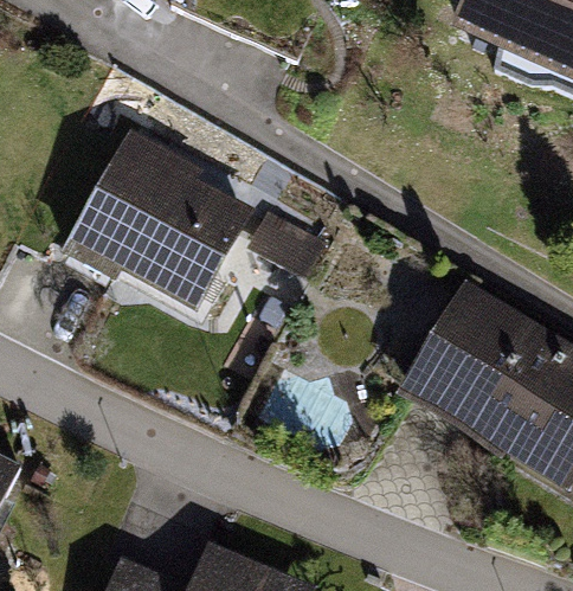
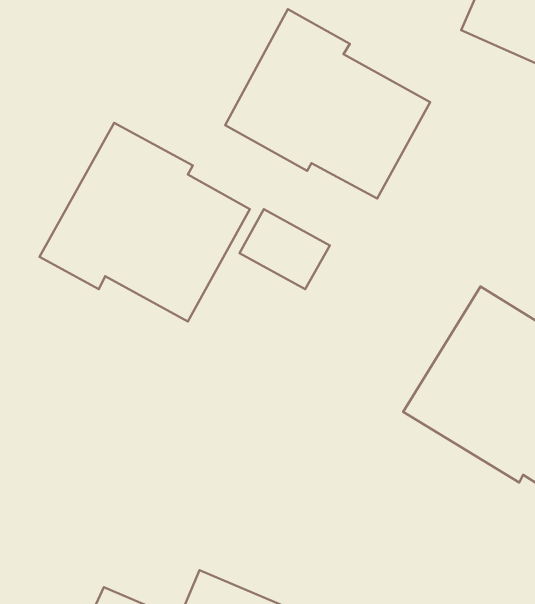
building: none -> [225,9,430,199]

